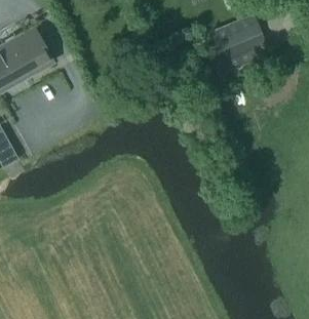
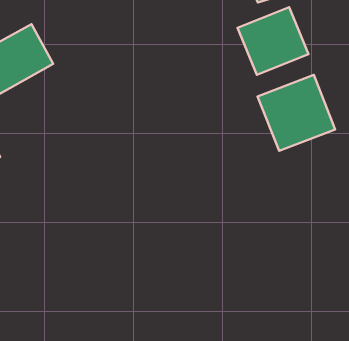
building: none -> [258,75,335,151]

